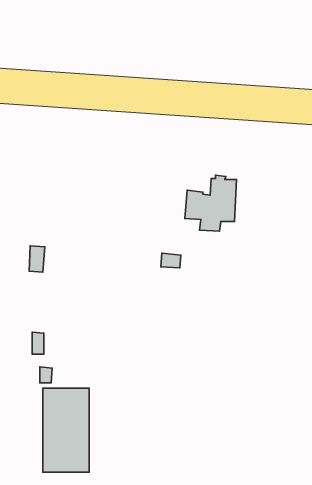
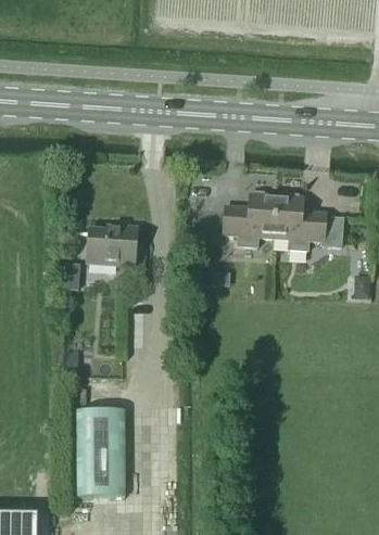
building: none -> [275,193,344,251]
building: none -> [88,224,138,263]

